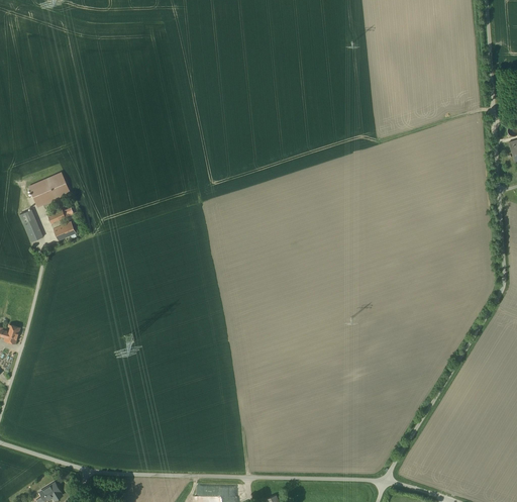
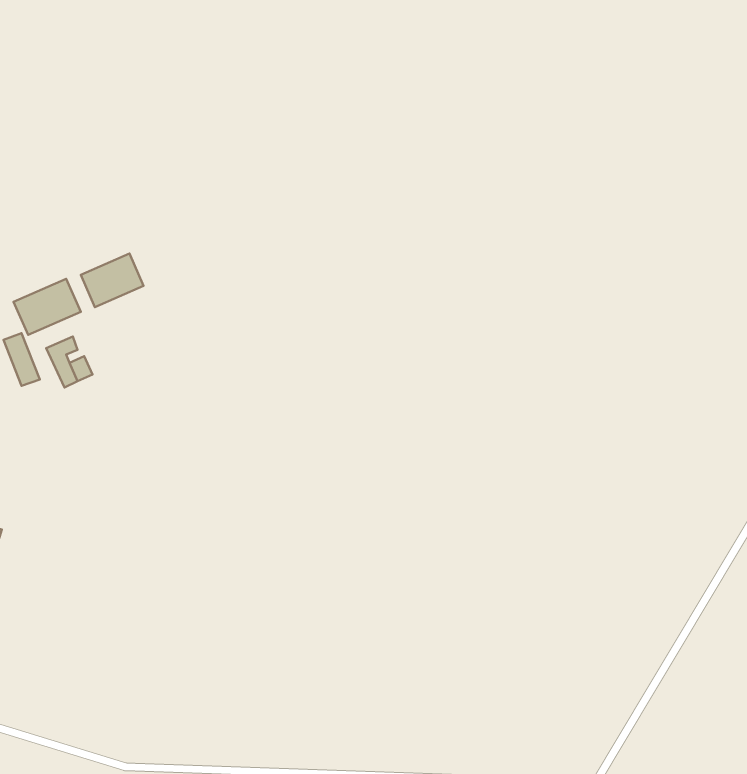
building: none -> [81,253,143,307]

